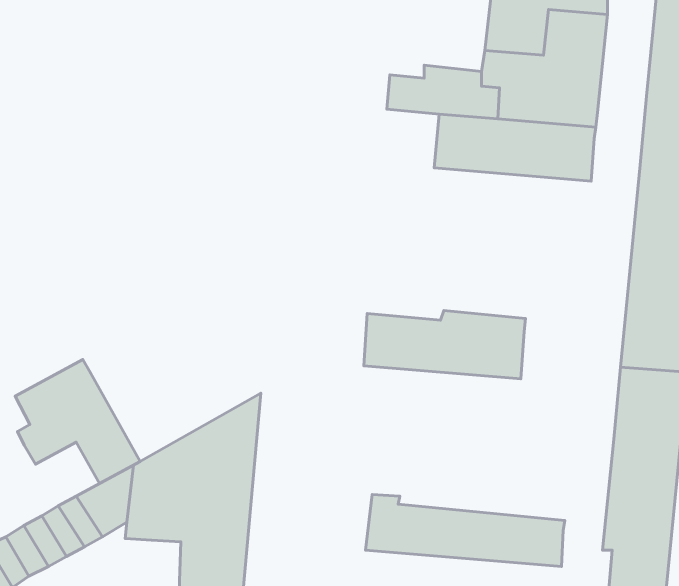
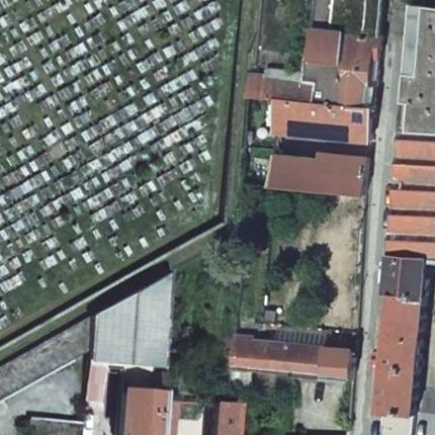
building: [364,310,526,379] -> [266,154,366,196]
building: [15,359,140,483] -> none

